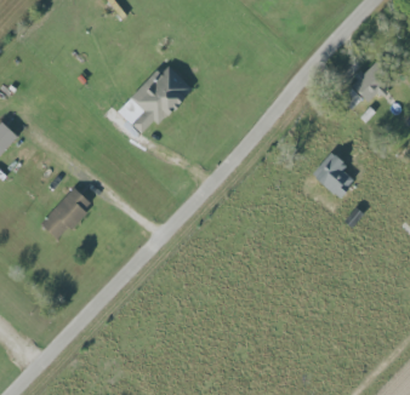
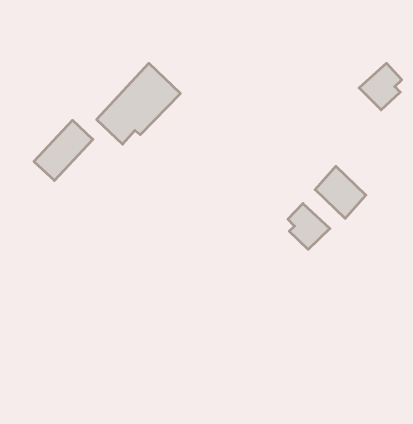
building: none -> [288,203,330,249]
building: [41,185,93,239] -> [34,120,93,181]

